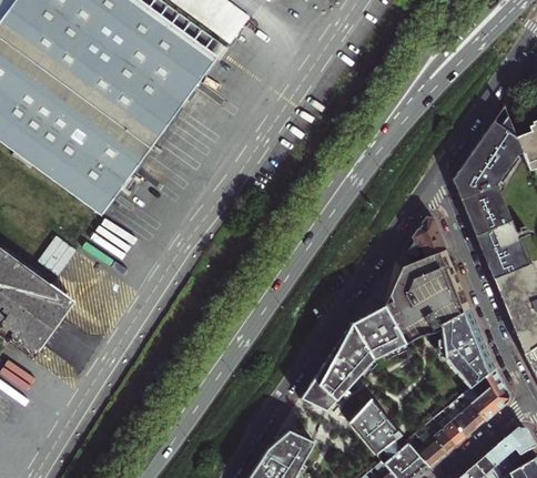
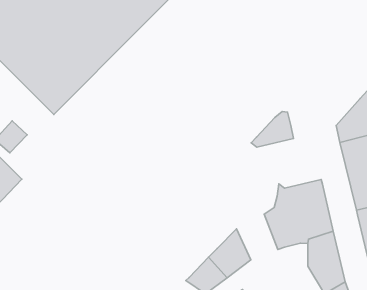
building: [394,217,445,266] -> [251,111,293,147]
building: [351,302,405,360] -> none

